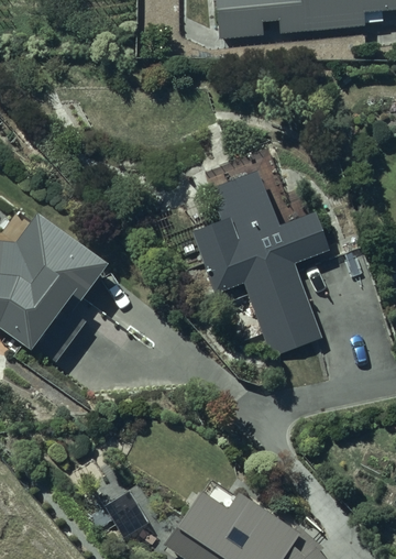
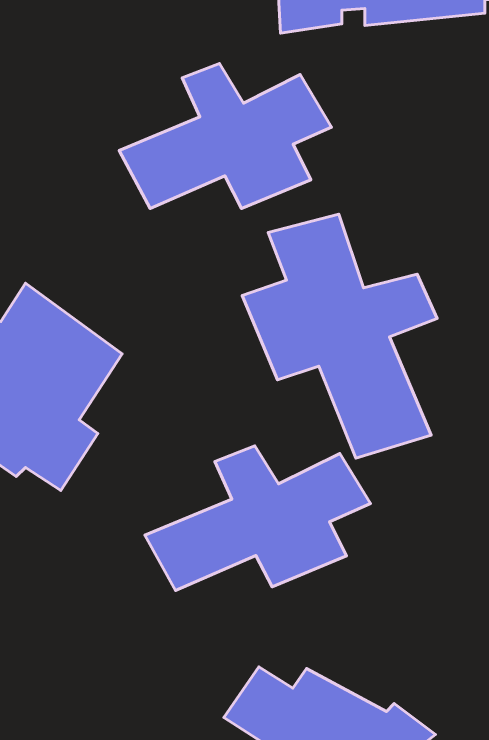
building: none -> [119,63,331,209]
building: none -> [145,446,371,590]

